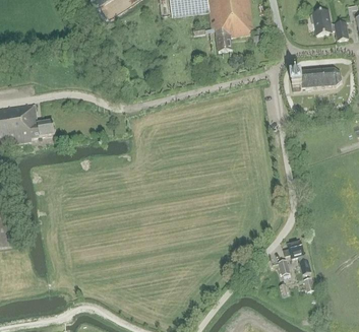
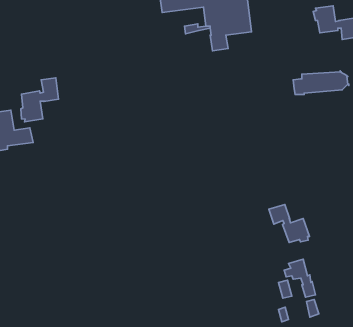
building: none -> [21,78,59,122]
building: none -> [269,204,310,243]

